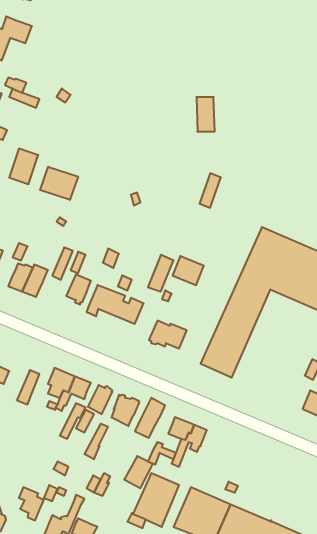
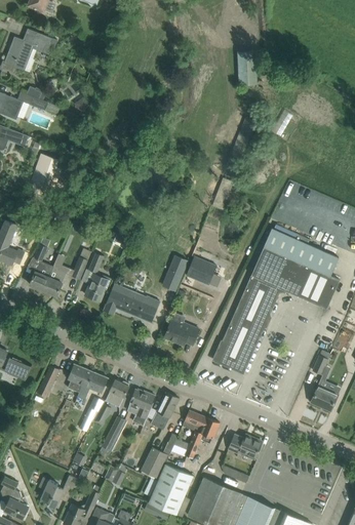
building: [196,97,215,132] -> [238,51,255,84]
building: [40,167,78,200] -> none
building: none -> [229,434,263,458]

